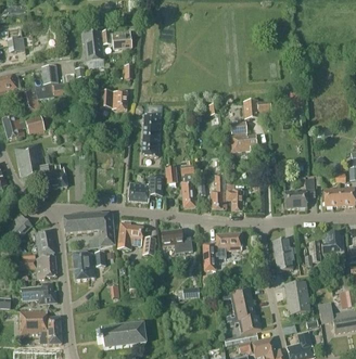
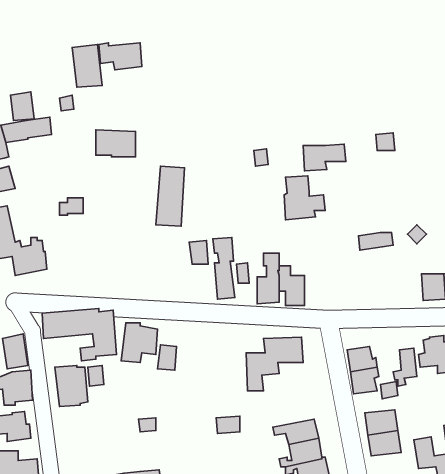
building: [127,177,163,202] -> none
building: [284,178,314,208] -> none
building: [161,229,192,253] -> none

